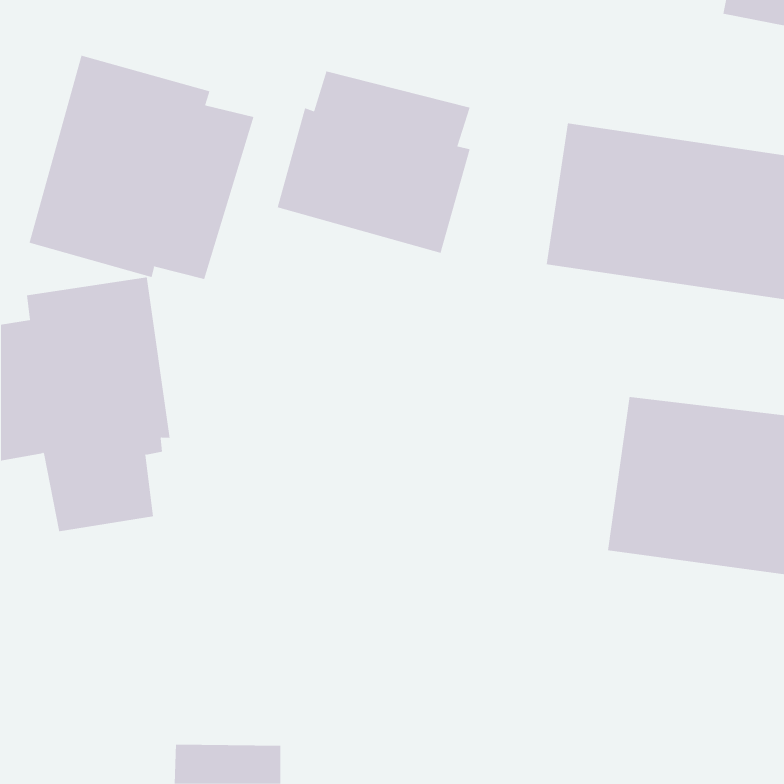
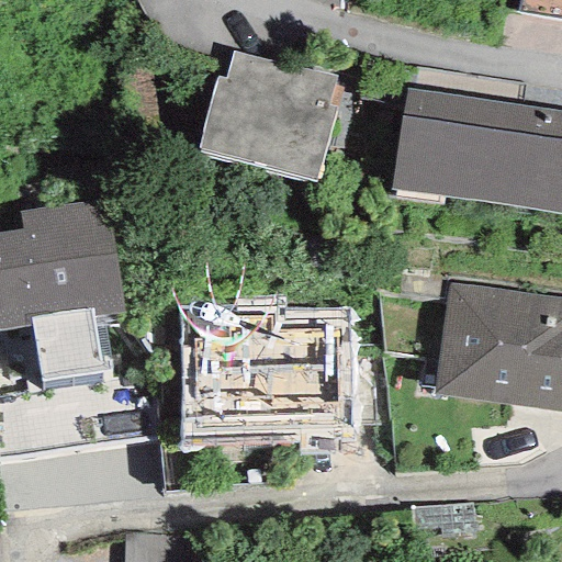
building: [29,55,254,280] -> none
building: none -> [182,295,353,434]

